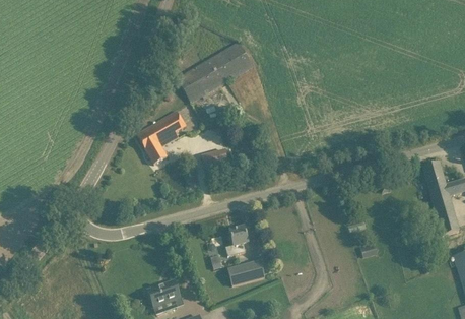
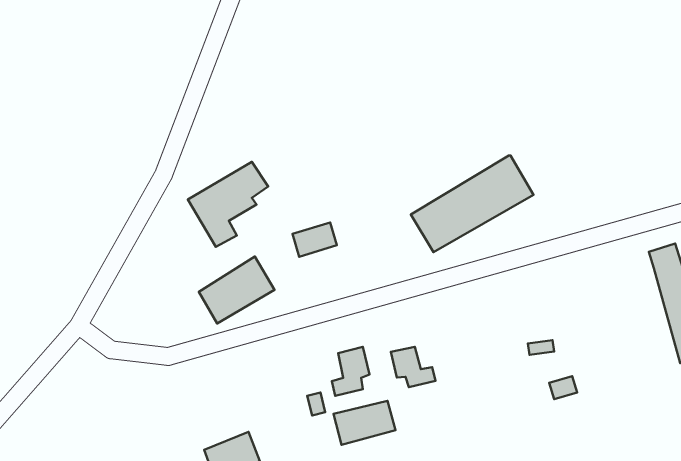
building: [178,41,254,101] -> [411,156,533,252]
building: none -> [199,257,275,324]
building: none -> [391,347,436,387]

